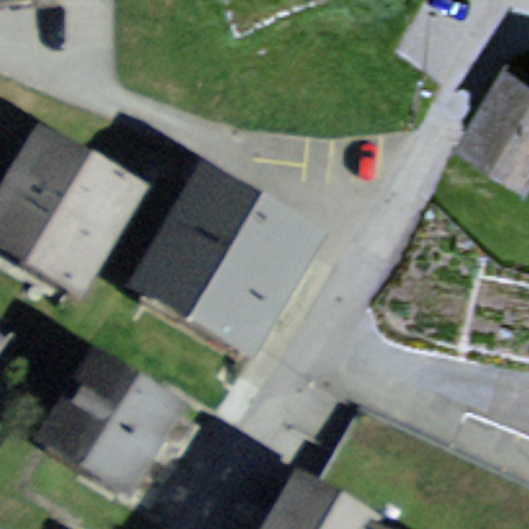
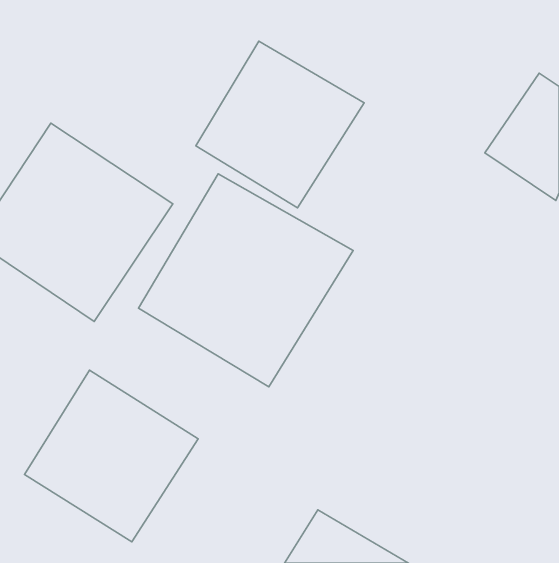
building: none -> [196,41,364,208]

